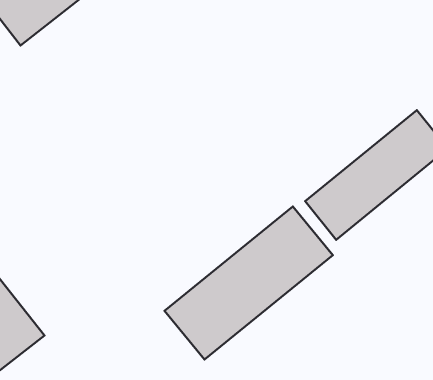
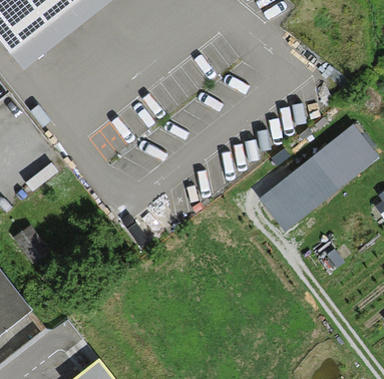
building: [165,206,333,360] -> none

